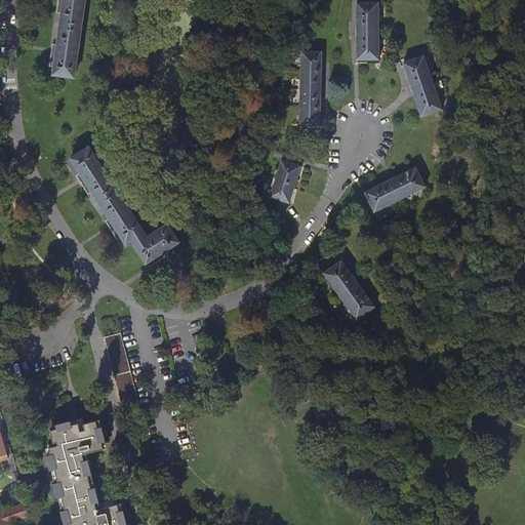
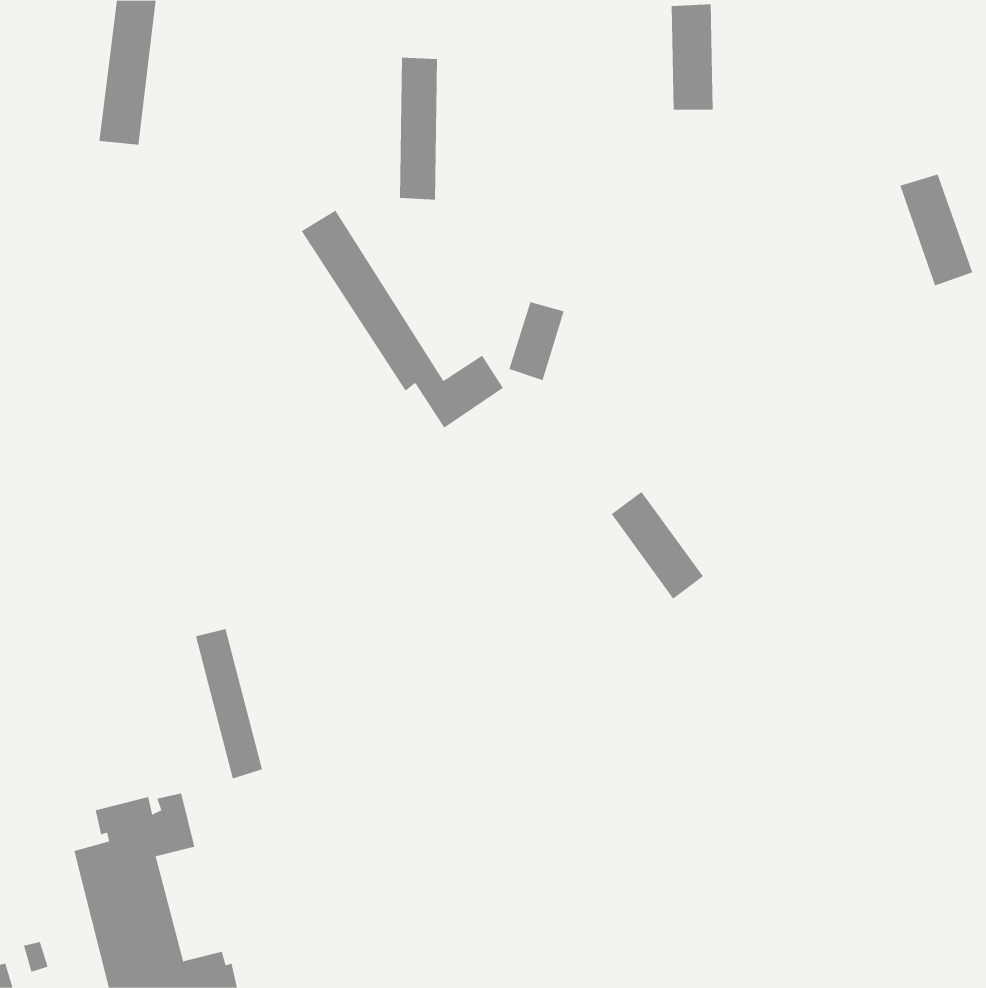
building: [300,50,321,126] -> [399,57,438,200]
building: [403,55,442,115] -> [900,174,973,286]
building: [70,147,177,262] -> [301,210,504,428]
building: [365,167,425,210] -> none

